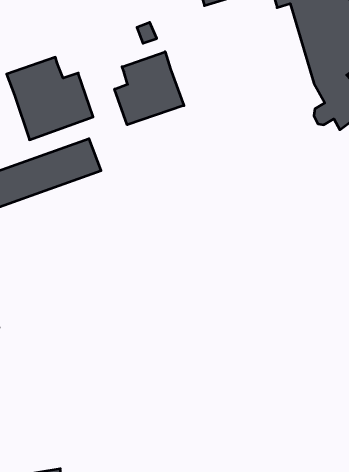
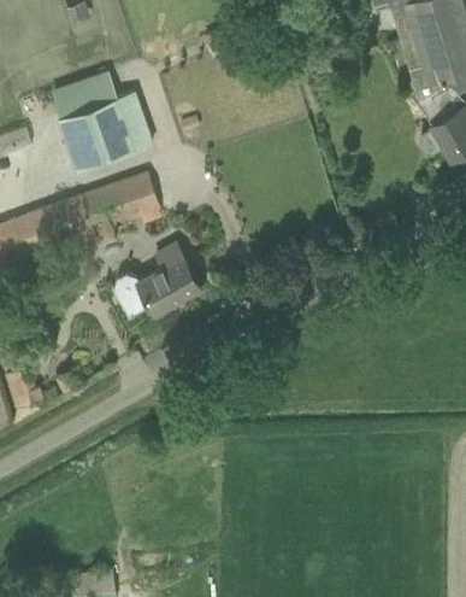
building: [115,52,184,125] -> none
building: none -> [116,242,201,316]

